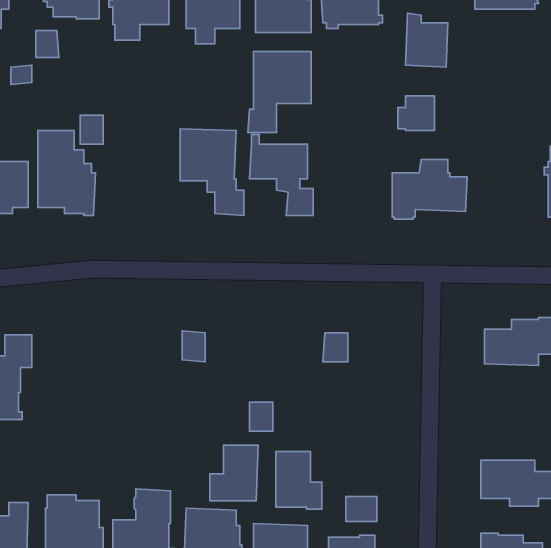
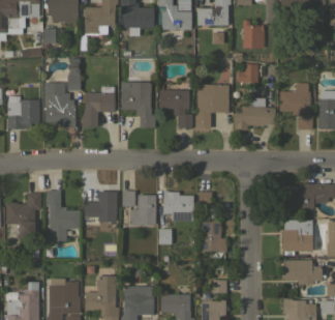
building: [248,52,311,132] -> [194,85,229,128]
building: none -> [279,83,312,129]
building: none -> [82,86,116,127]
building: none -> [45,191,80,242]
building: none -> [162,191,193,222]
building: none -> [84,192,117,229]
building: none -> [281,220,312,256]
building: [210,445,258,501] -> [130,195,156,225]
building: [276,451,322,509] -> [202,222,226,253]

